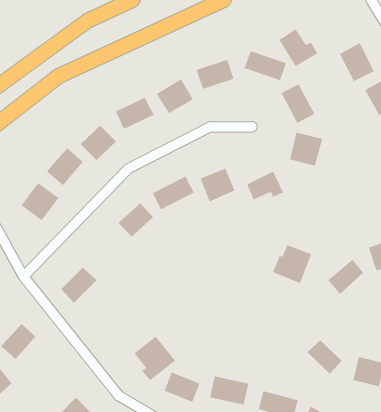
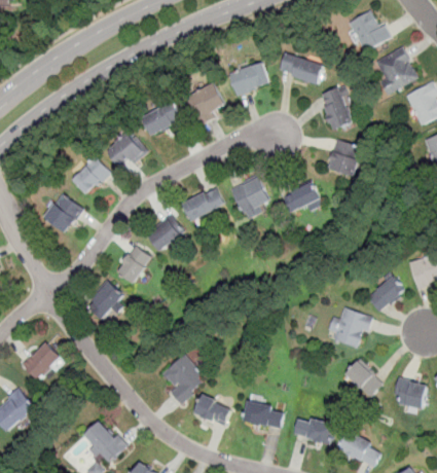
building: [278,28,318,67] -> [349,10,391,51]
building: none -> [115,246,151,285]
building: [272,244,312,284] -> [328,308,370,351]

